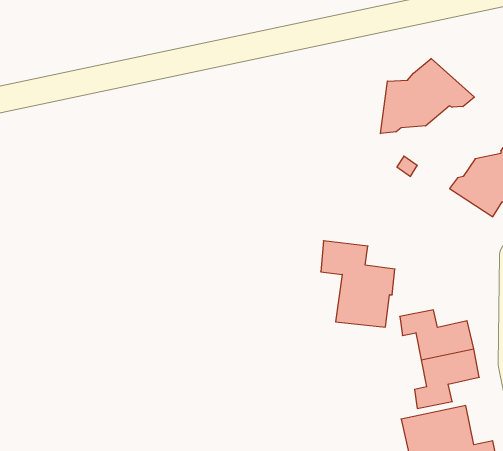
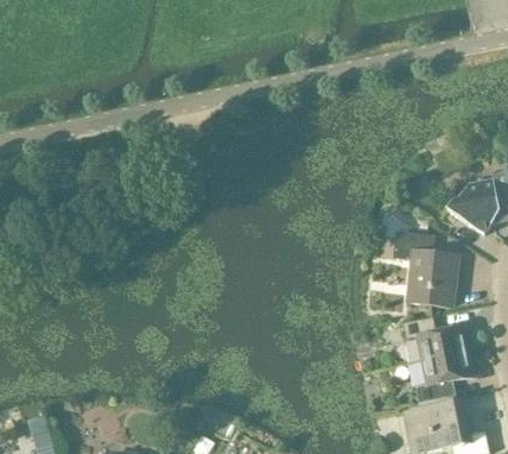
building: [380,58,474,134] -> none
building: [321,241,395,327] -> [393,231,458,307]

